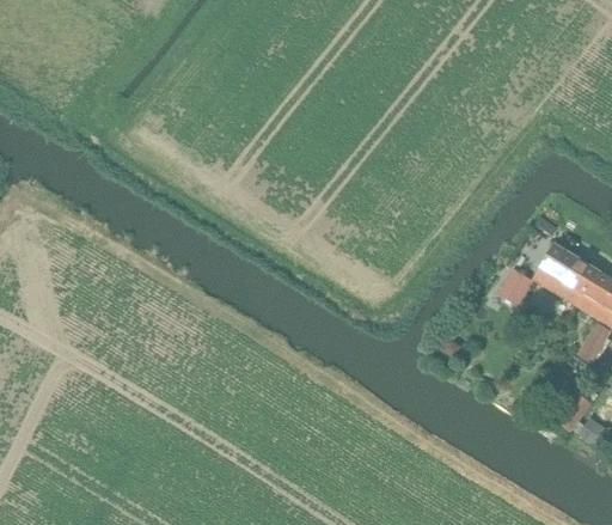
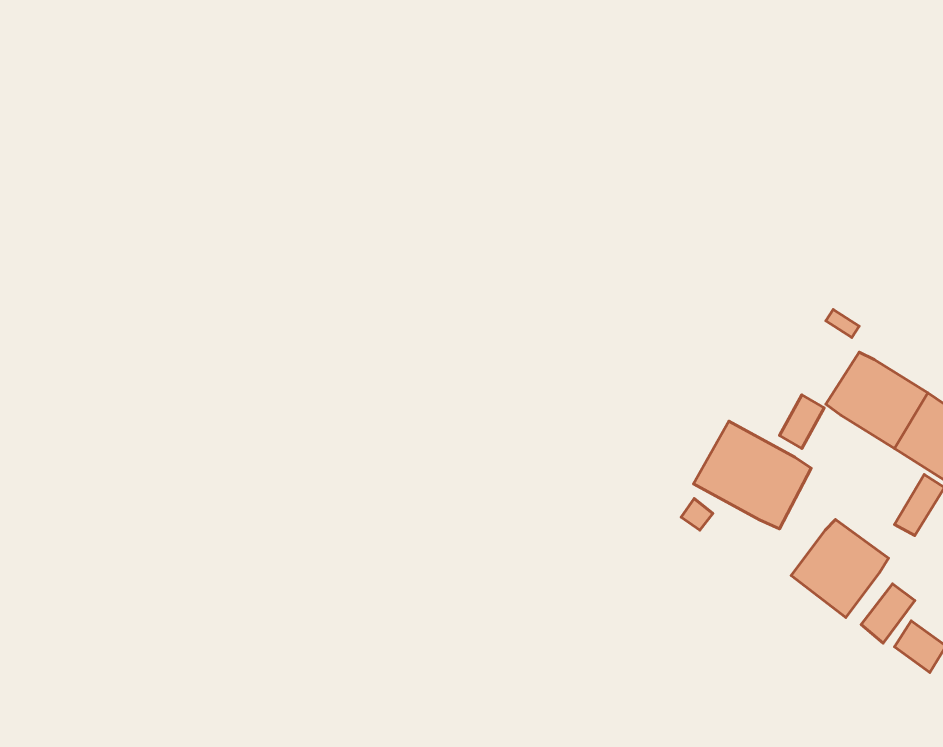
building: none -> [693,421,811,529]
building: none -> [791,519,888,618]

